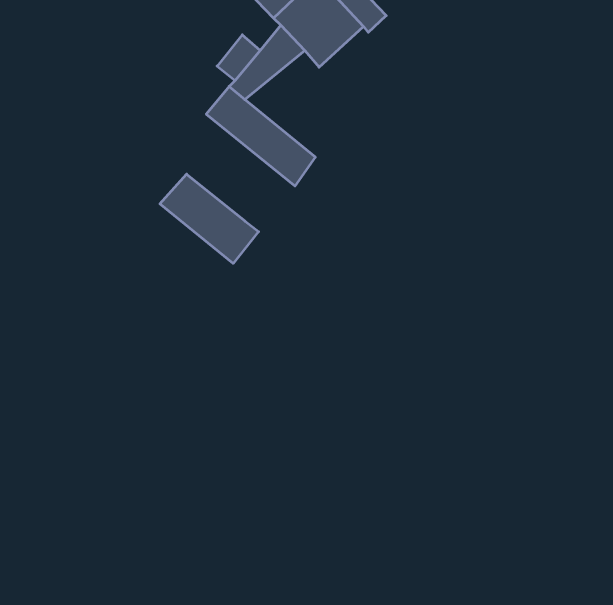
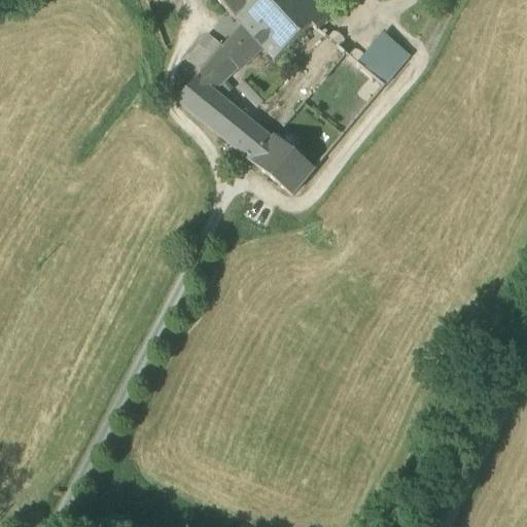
building: none -> [363,34,409,81]
building: none -> [253,134,314,191]
building: [160,174,259,263] -> none

